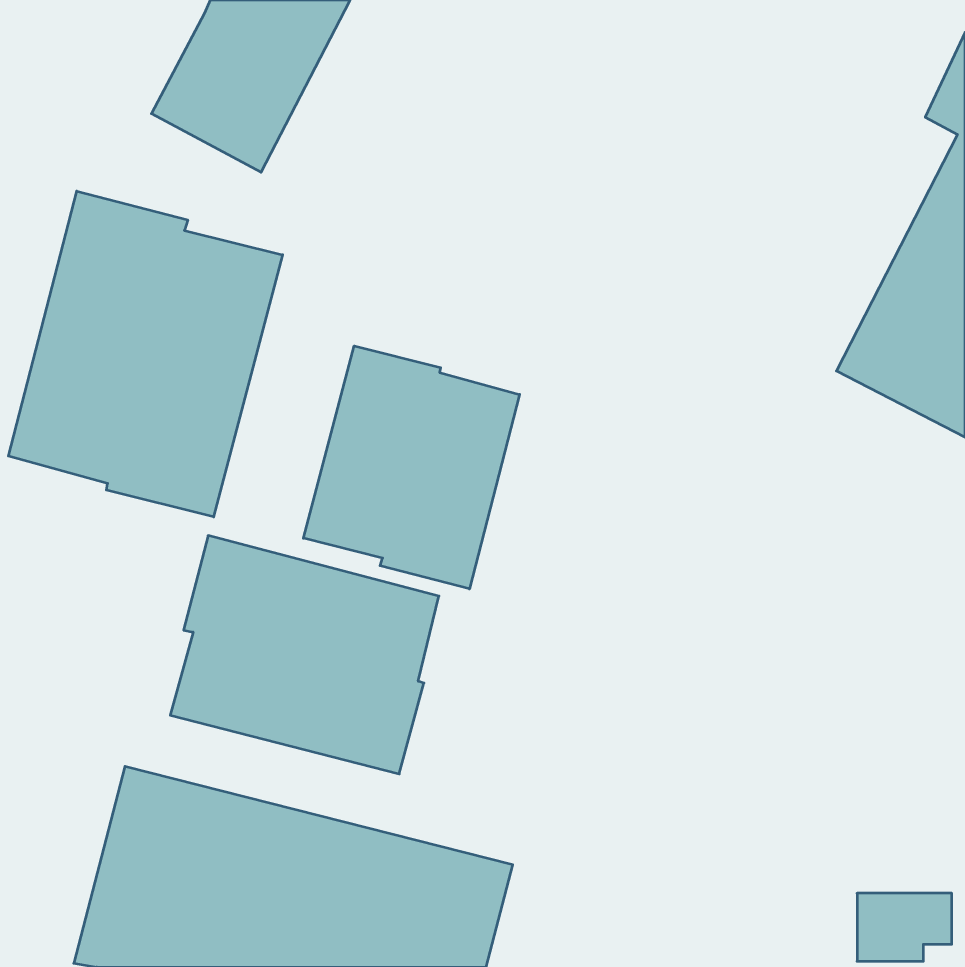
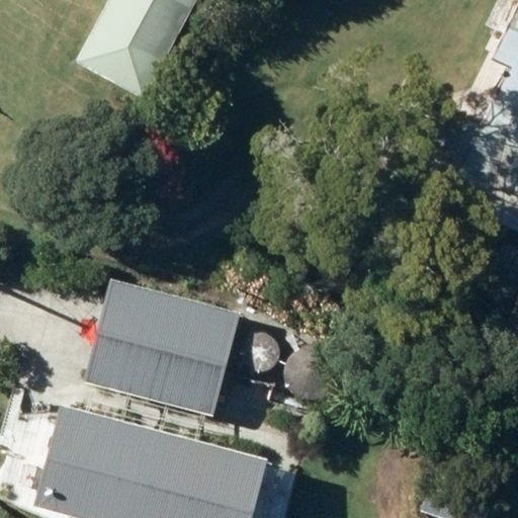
building: [8,191,283,517] -> none
building: [303,346,520,589] -> none

